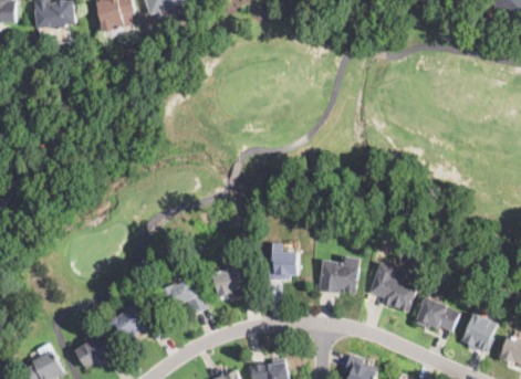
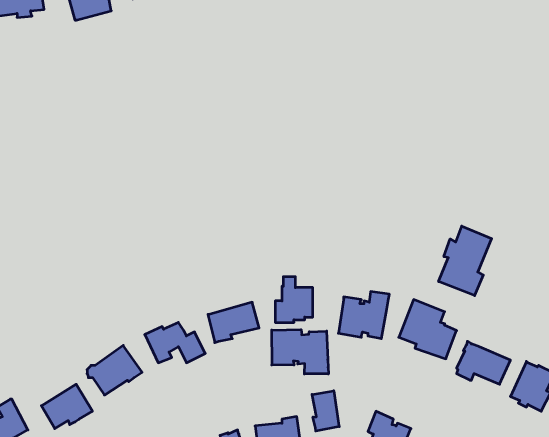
building: none -> [439,226,492,296]
building: none -> [272,330,328,374]
building: none -> [312,391,339,431]

